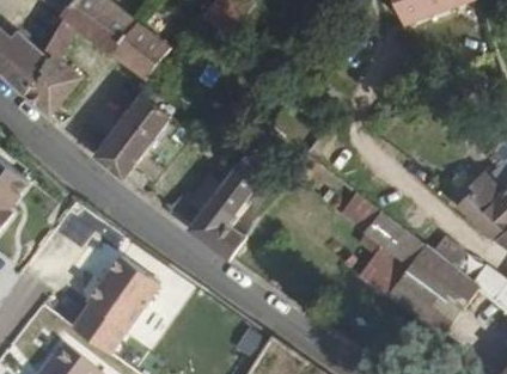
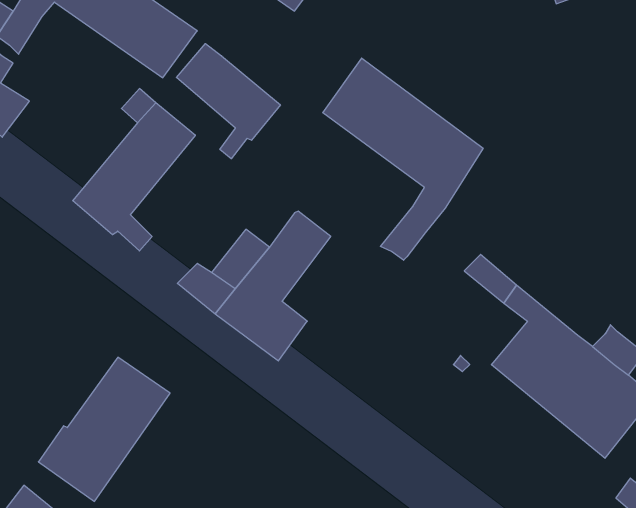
building: none -> [176,44,280,159]
building: none -> [323,58,483,260]

